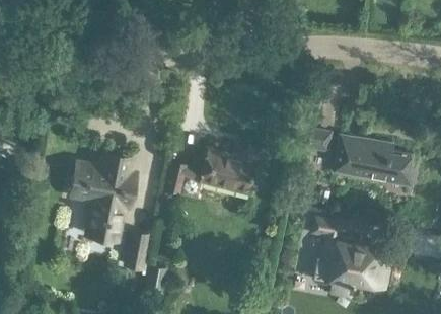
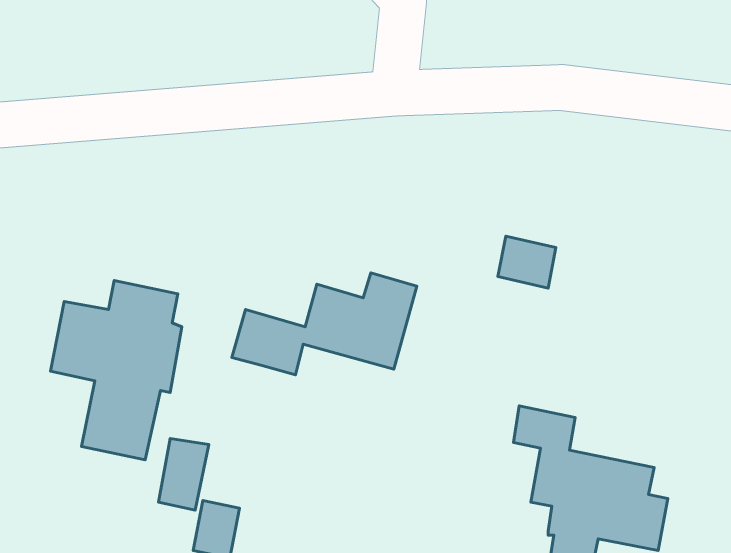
building: [332,135,410,183] -> none

